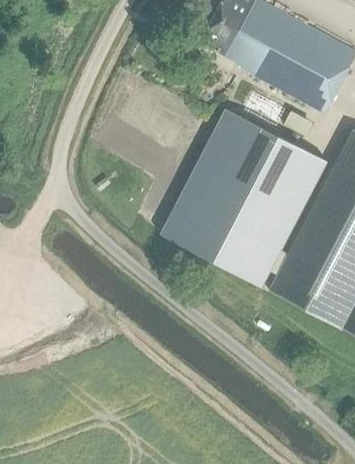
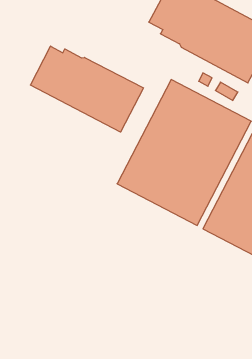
building: none -> [30,46,143,132]

